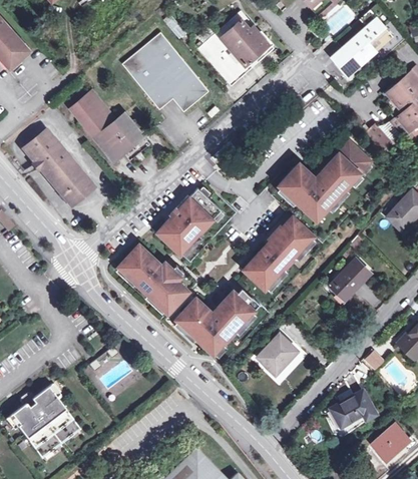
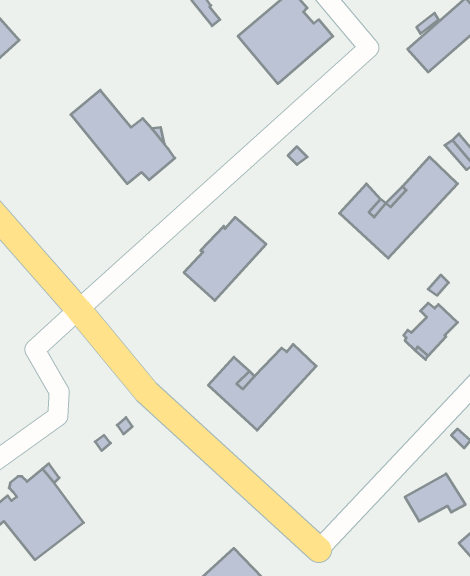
building: [124,36,206,110] -> none
building: [23,129,94,207] -> none
building: [245,216,315,291] -> none
building: [119,246,188,314] -> none
building: [258,334,298,374] -> none

